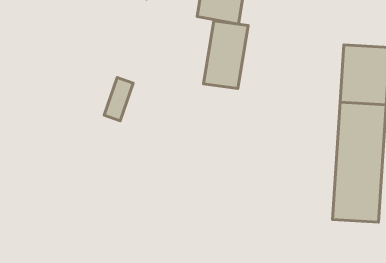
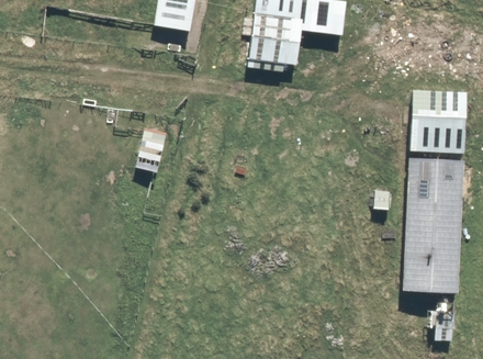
building: [204,21,248,88] -> none

